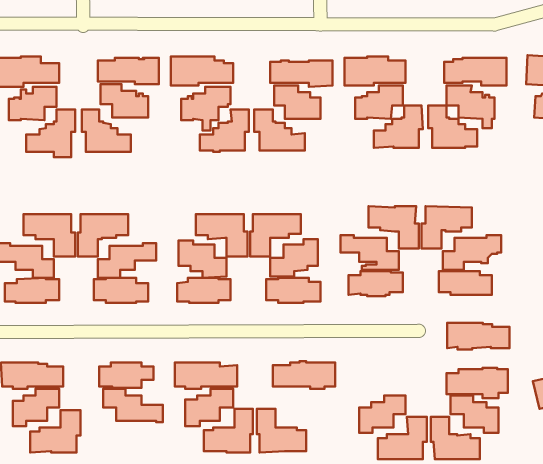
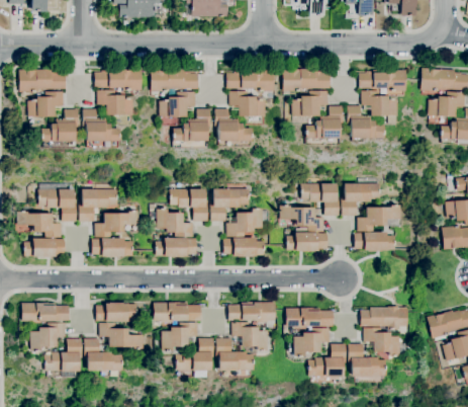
building: [447,323,509,349] -> [286,308,334,328]
building: none -> [232,322,268,350]
building: none -> [84,338,122,372]

